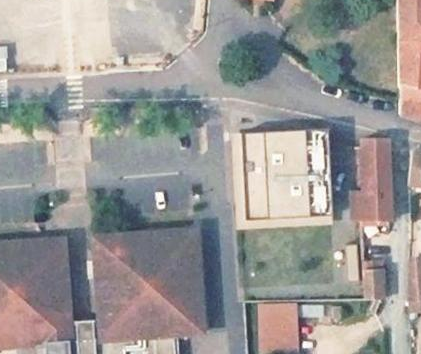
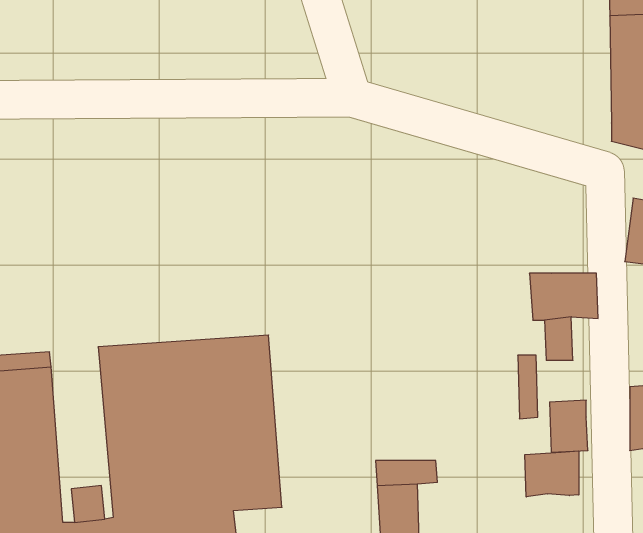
building: [240,129,333,222] -> none
building: [361,139,391,192] -> none
building: none -> [525,451,579,497]

